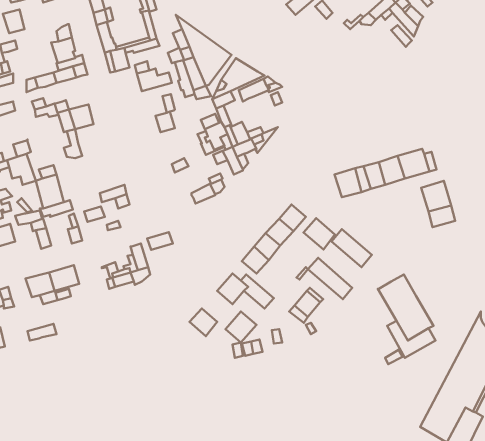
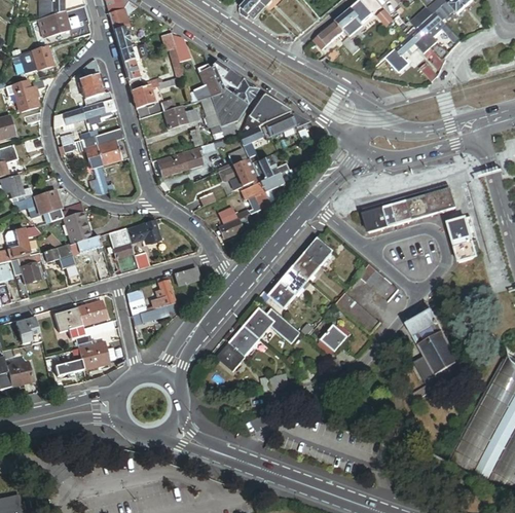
building: none -> [156,151,187,176]
building: [304,218,335,250] -> none
building: none -> [77,341,109,369]
building: [225,312,256,342] -> [228,326,259,357]

